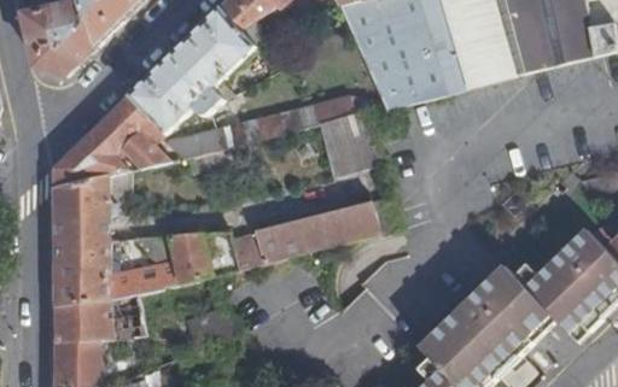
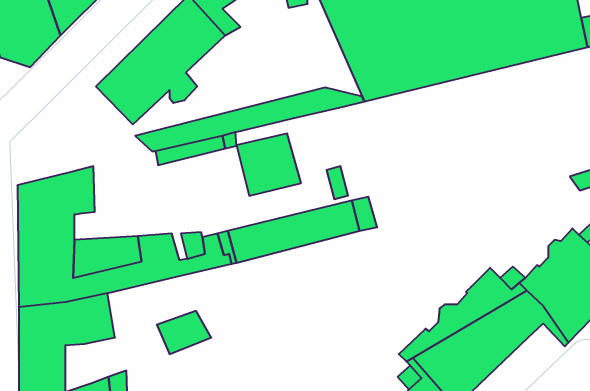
building: [52,95,180,189] -> none
building: [315,115,377,174] -> [237,134,301,196]

